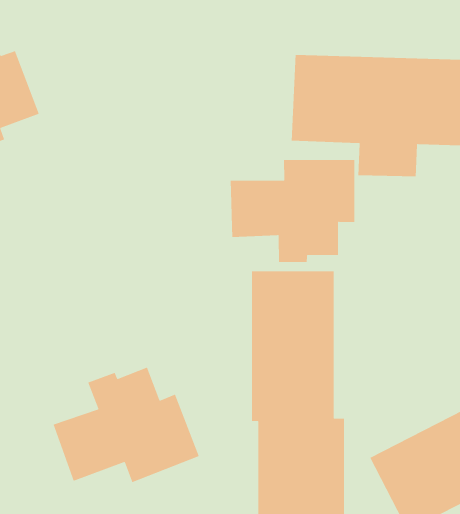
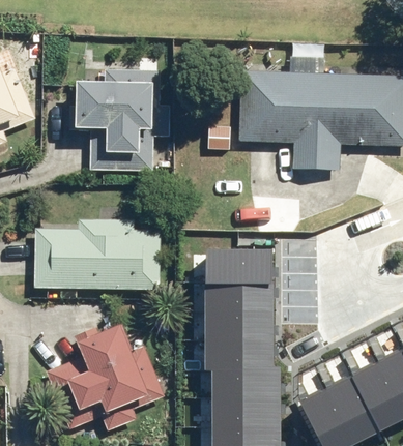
building: none -> [76,70,169,172]
building: [230,159,355,263] -> none
building: none -> [33,219,160,291]

